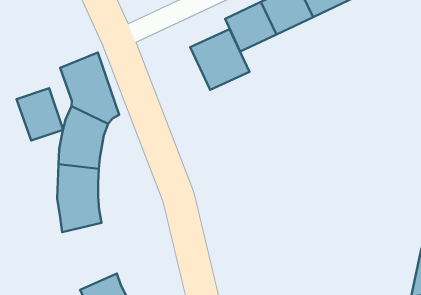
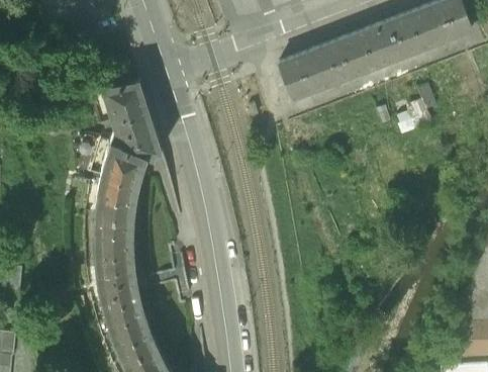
building: [190,29,250,90] -> none
building: [17,88,63,140] -> none
building: none -> [94,261,145,327]

